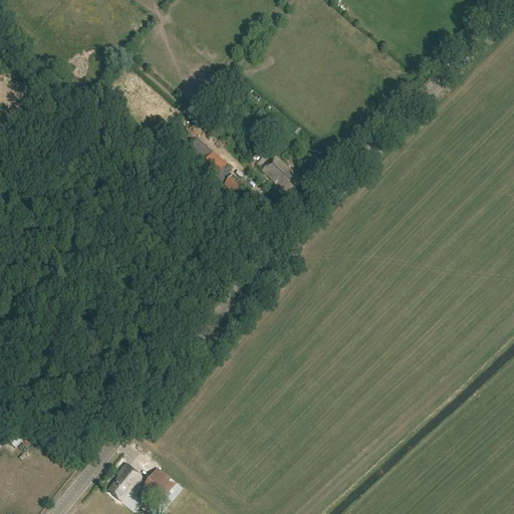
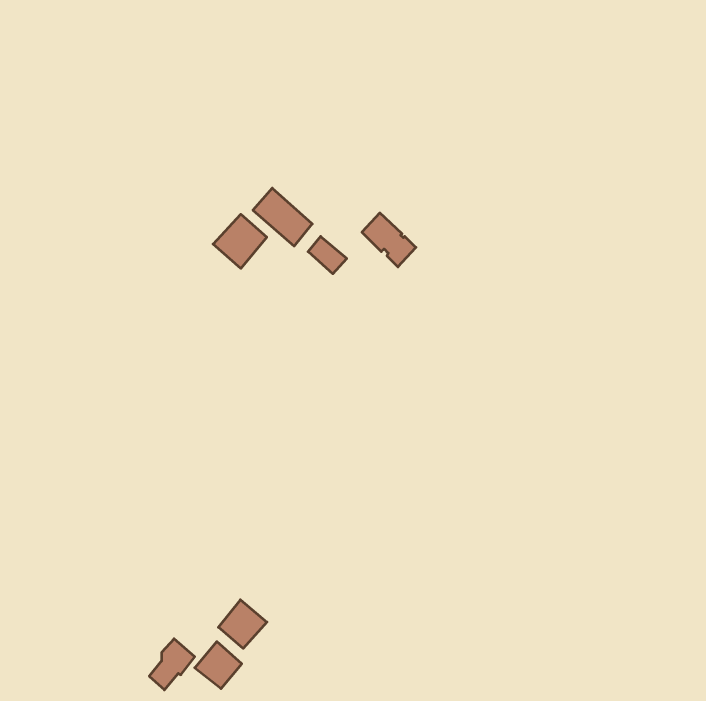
building: none -> [213,214,267,268]
building: none -> [218,600,267,648]

